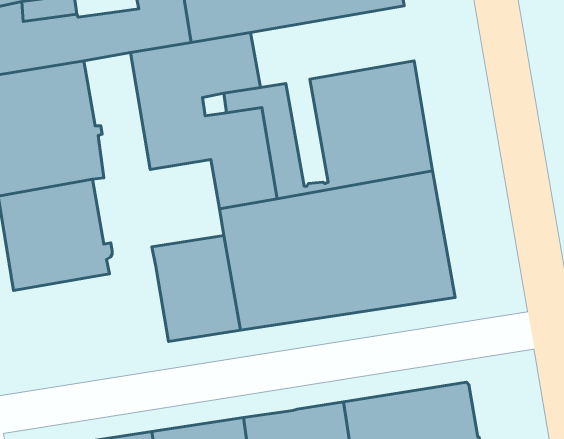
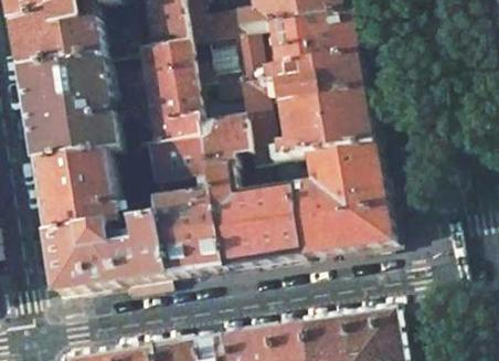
building: none -> [227,11,355,75]
building: none -> [141,131,203,179]
building: none -> [42,215,163,291]

